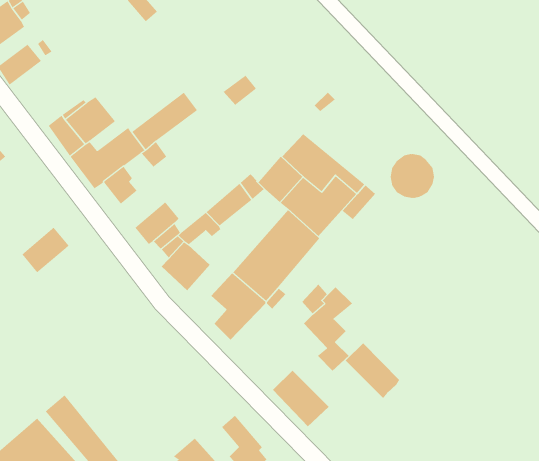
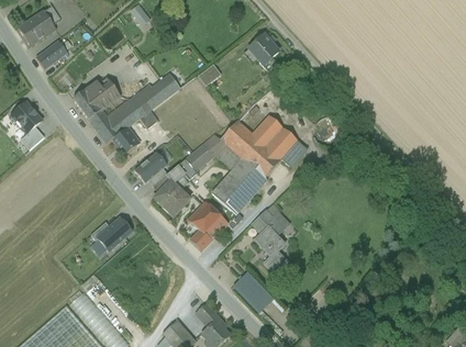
building: none -> [248,34,279,65]
building: [21,227,69,273] -> [97,217,131,250]
building: [345,342,400,399] -> none

